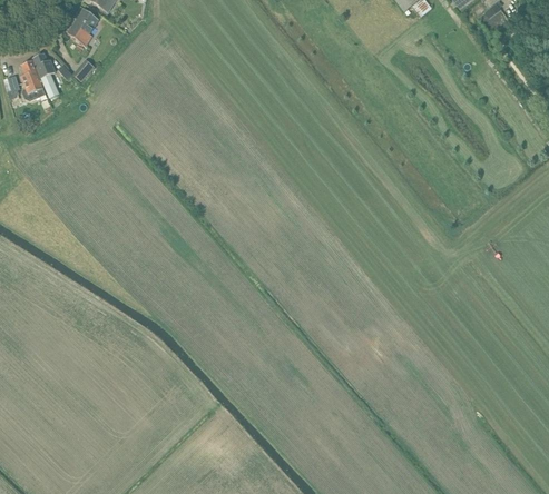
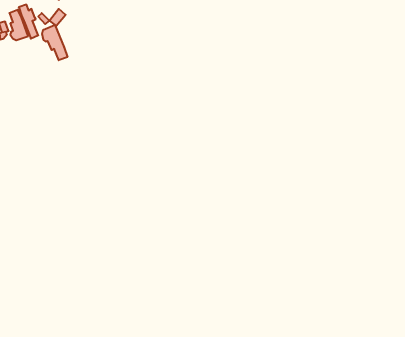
building: none -> [42,25,67,60]

